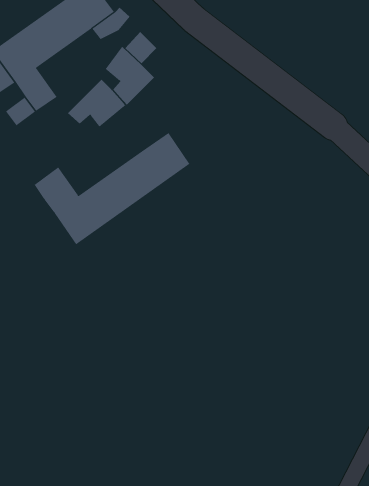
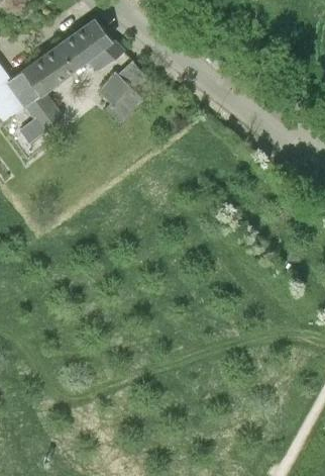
building: [67,79,126,128] -> none
building: [34,132,190,245] -> none

